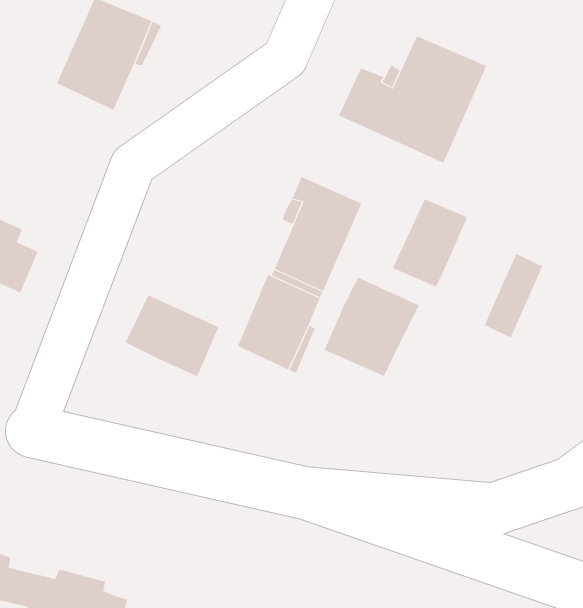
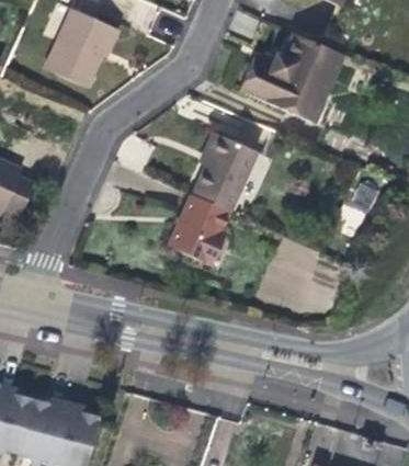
building: [392,198,468,288] -> none
building: [324,277,419,377] -> none
building: [125,294,219,377] -> none

